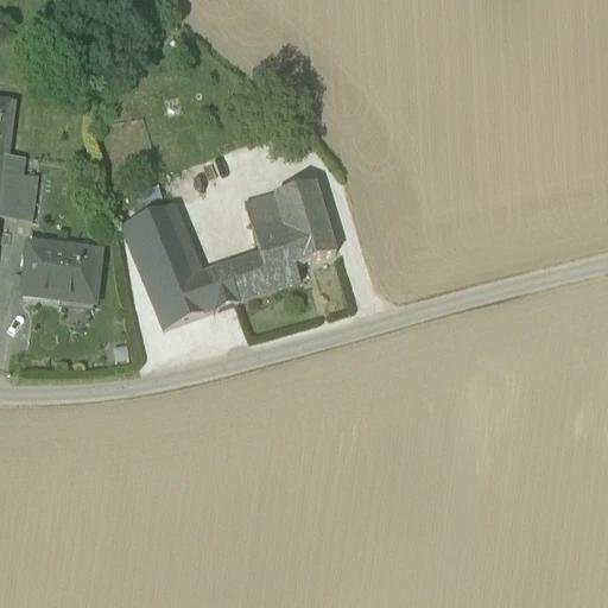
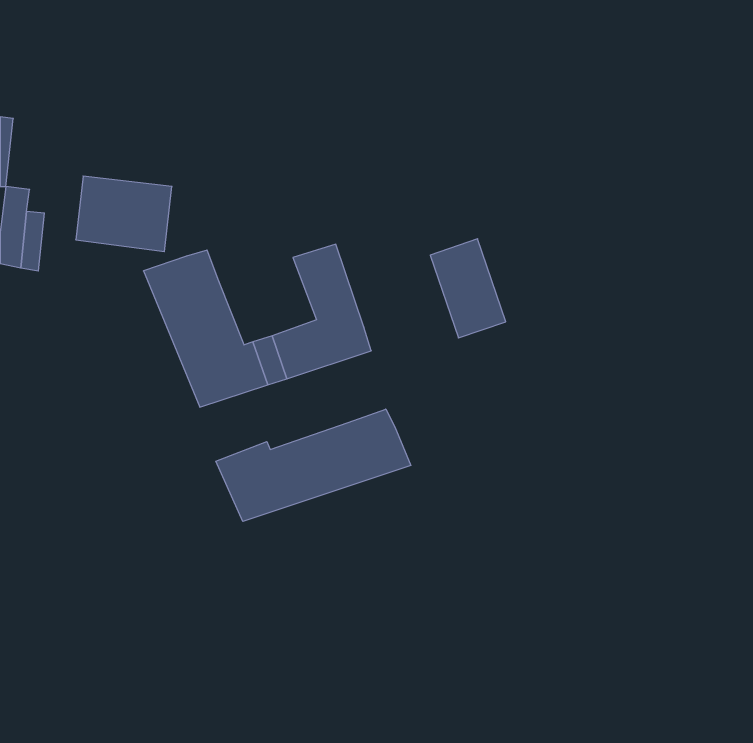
building: [272,183,332,262] -> [430,239,506,338]
building: [24,235,101,296] -> [76,176,172,252]
building: none -> [216,409,411,521]

